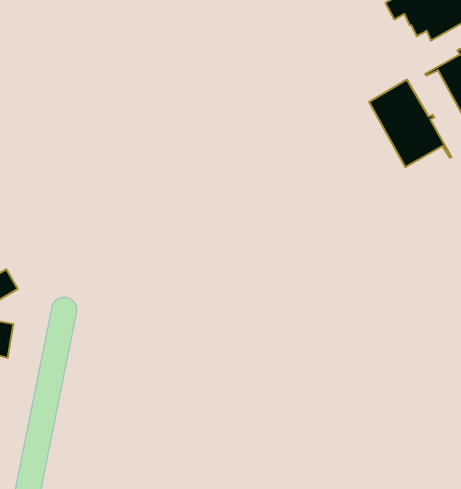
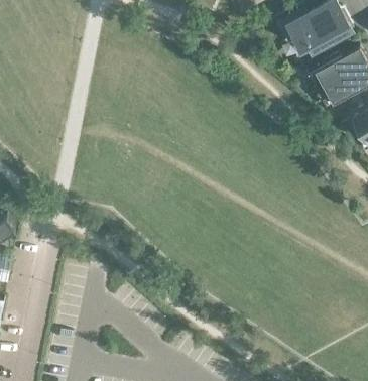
building: [369,80,451,167] -> none

